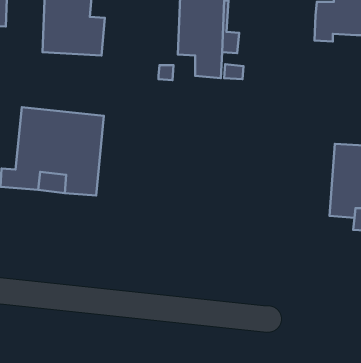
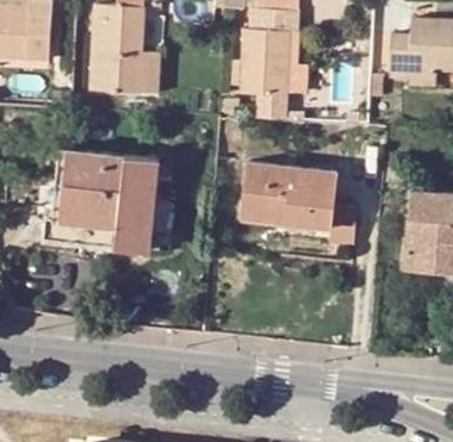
building: none -> [242,162,356,248]

